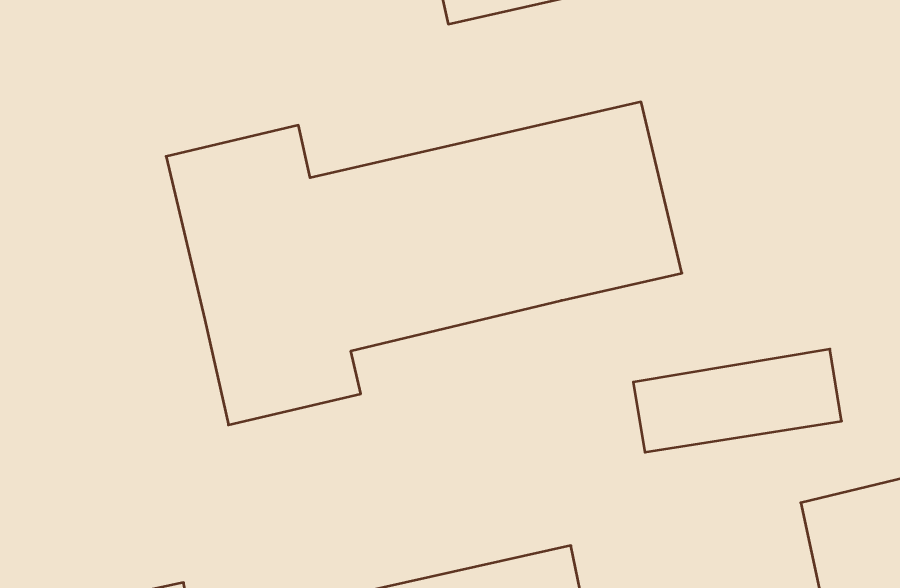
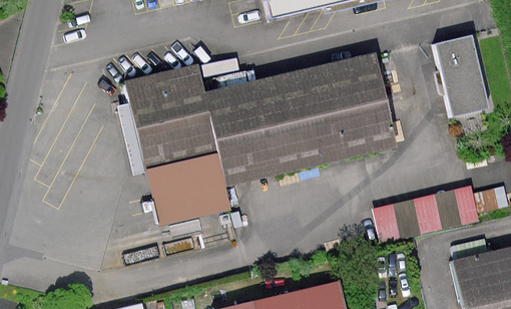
building: none -> [432,35,489,115]

